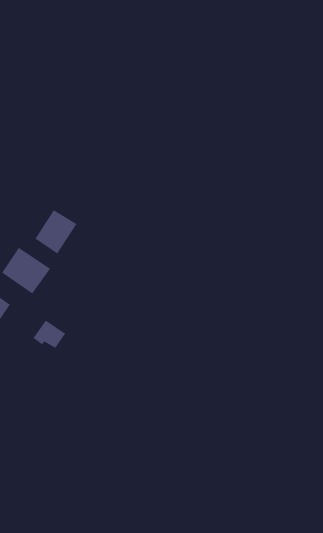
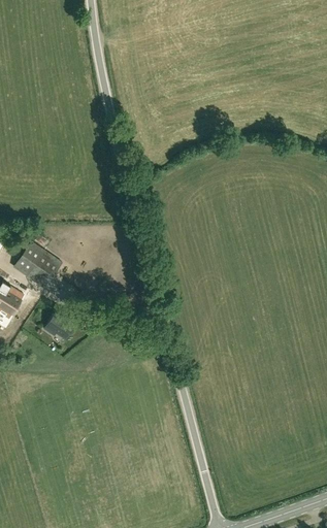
building: [34,209,78,254] -> none

